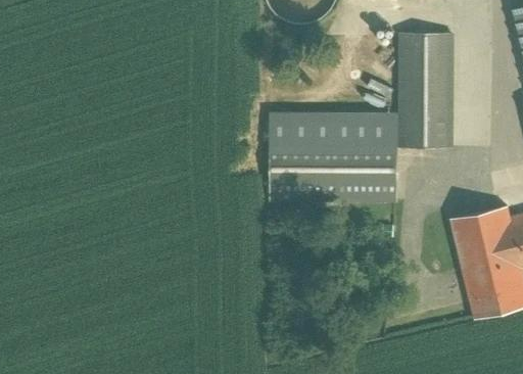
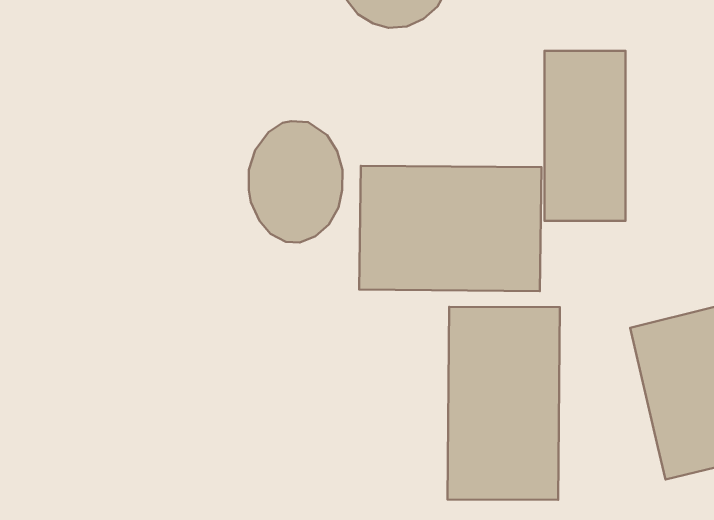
building: none -> [249,121,342,242]
building: none -> [447,307,560,500]

